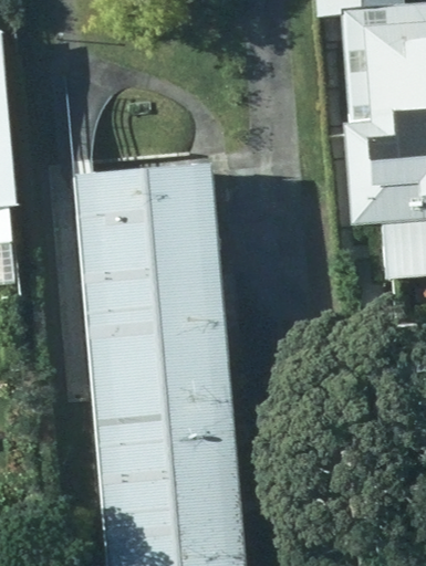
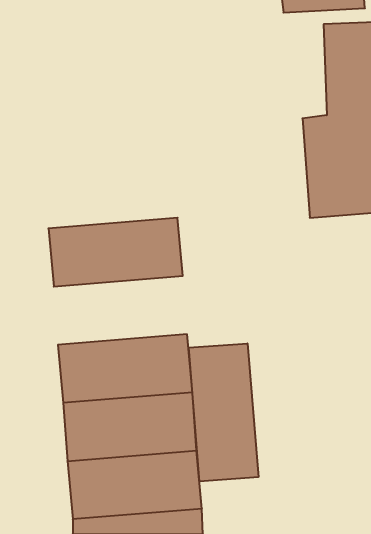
building: [73,169,212,241] -> none
building: [83,291,222,363] -> none
building: none -> [189,343,258,481]

